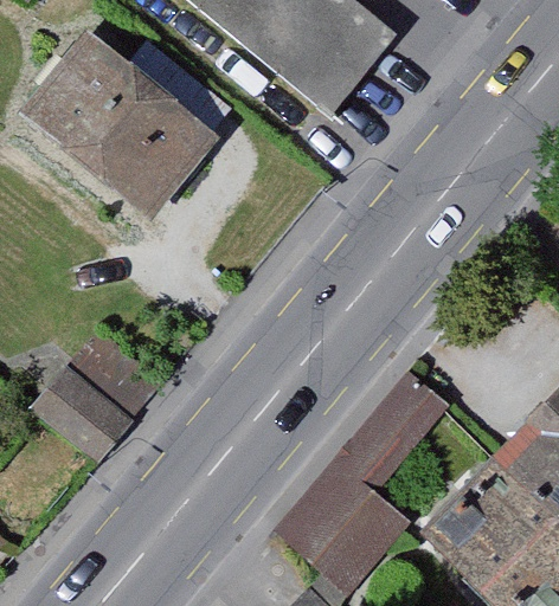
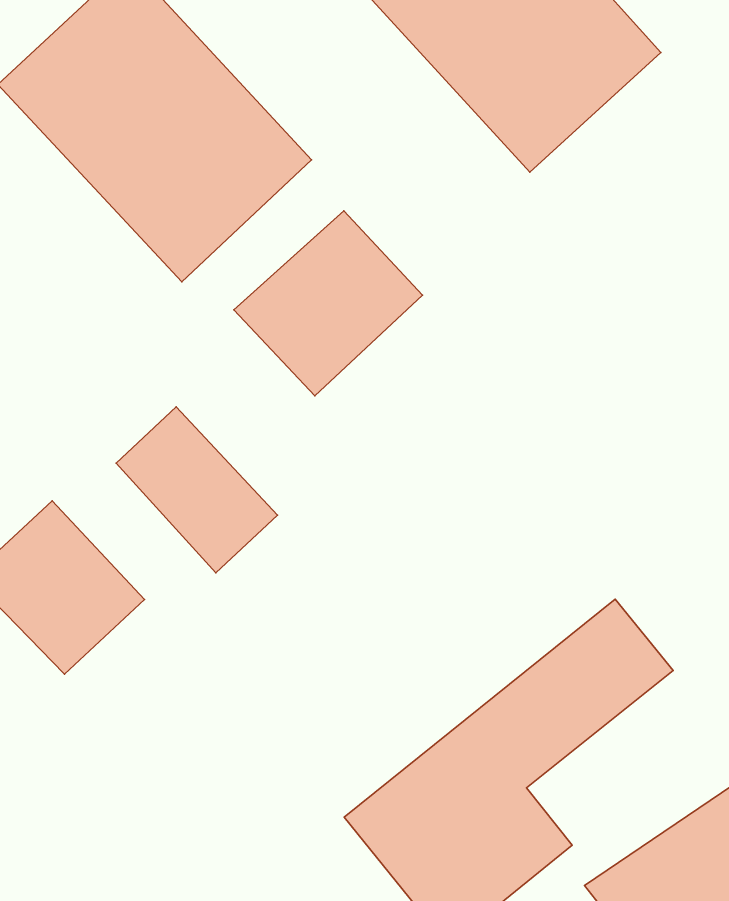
building: none -> [234,211,423,396]
building: none -> [116,407,277,573]

